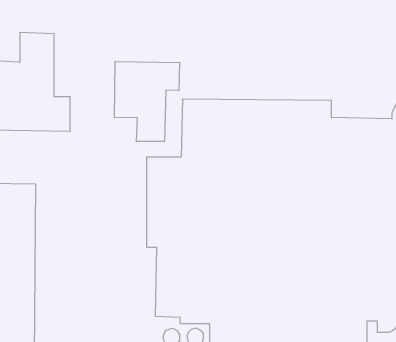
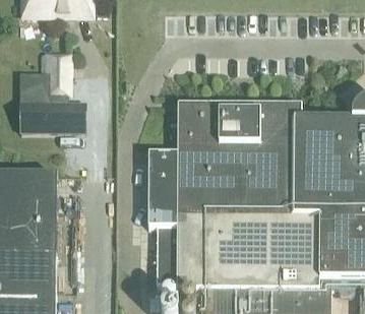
building: [115,61,180,142] -> none

